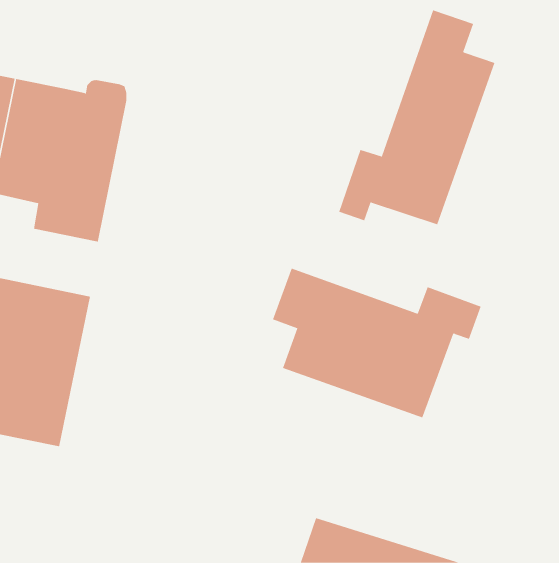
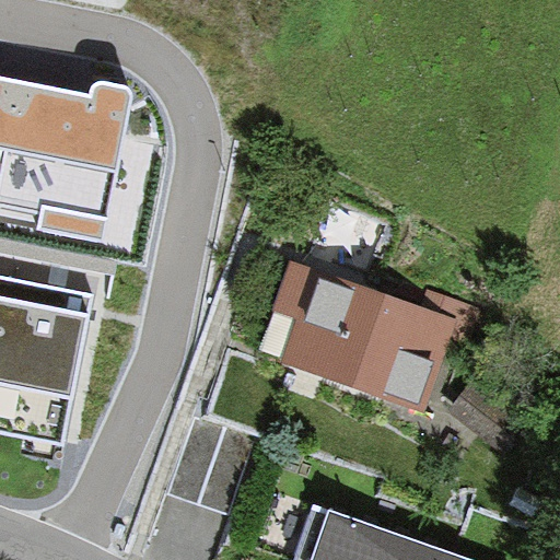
building: [338,9,495,225] -> none

